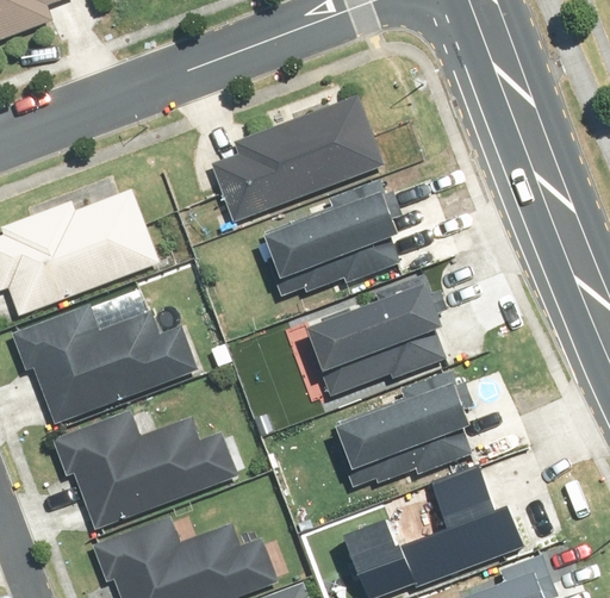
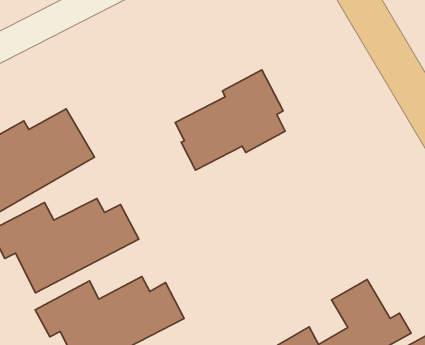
building: [208,96,385,222] -> none
building: [311,275,443,395] -> none
building: [340,373,473,493] -> none

